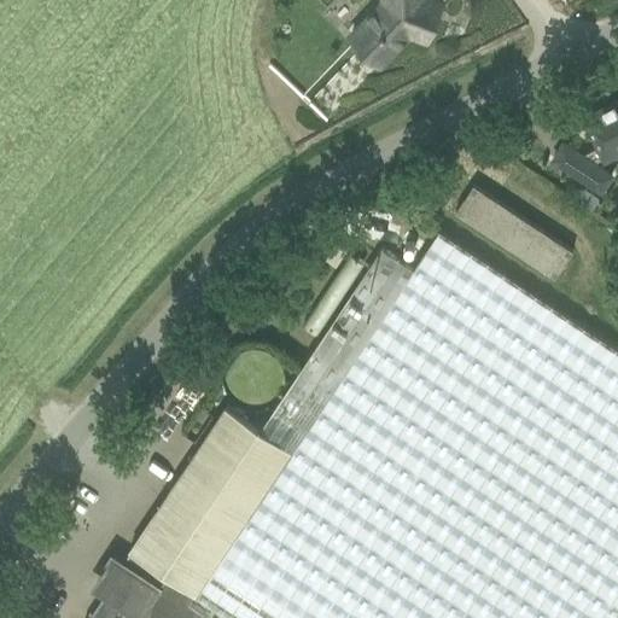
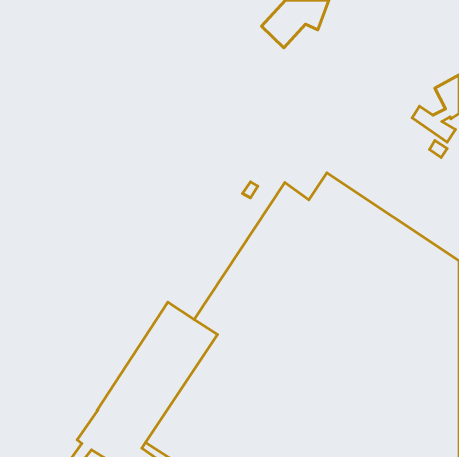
building: [456,187,573,280] -> none

